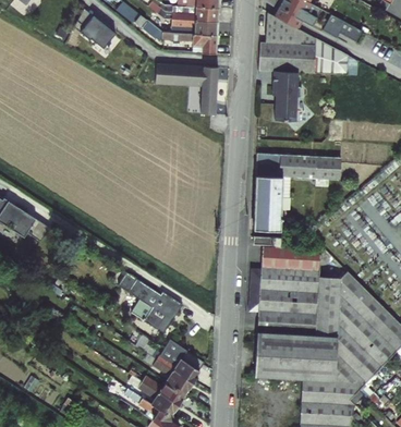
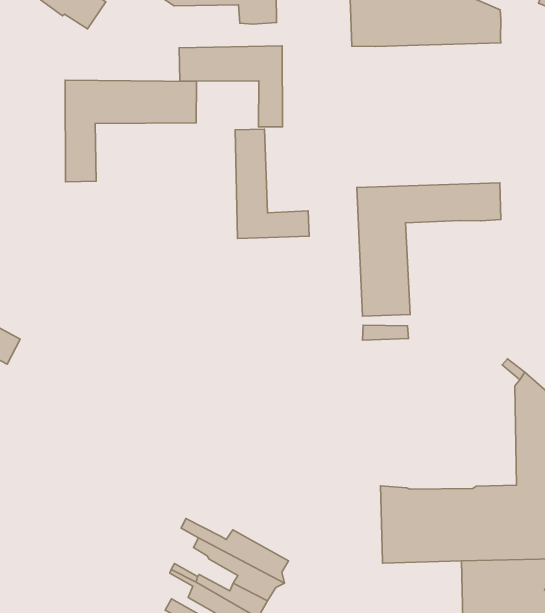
building: [274,71,302,121] -> none
building: none -> [65,80,196,182]
building: none -> [235,129,309,239]
building: [247,246,341,337] -> none
building: [118,273,182,333] -> none

